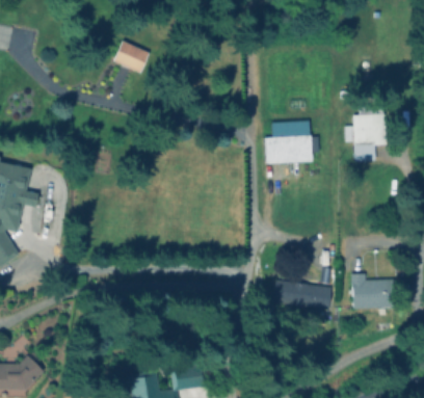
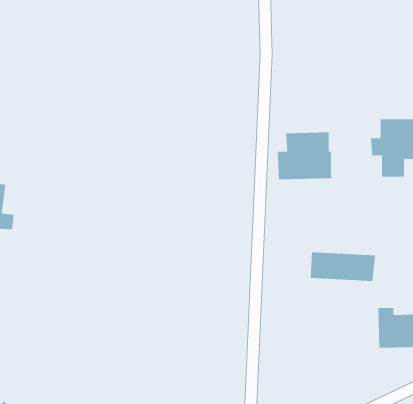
building: [113,42,150,74] -> none
building: [274,283,332,309] -> [310,252,376,282]

